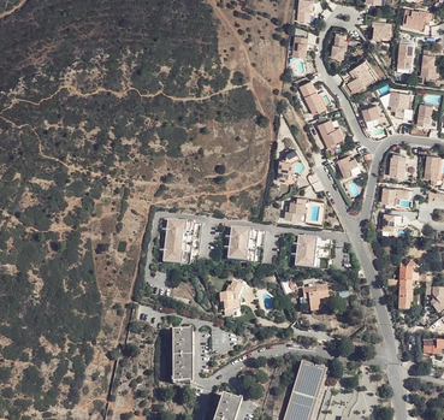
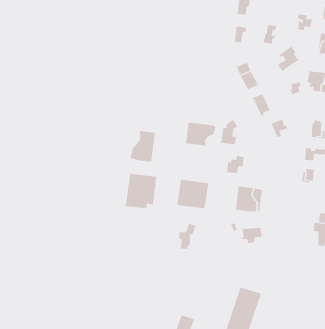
building: none -> [186,122,216,147]
building: none -> [130,130,156,162]
building: [173,331,194,383] -> none

